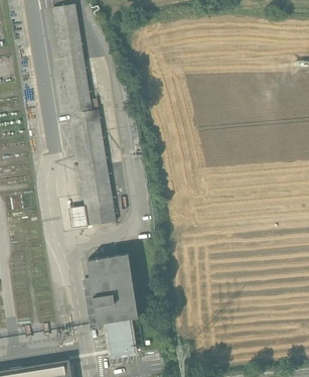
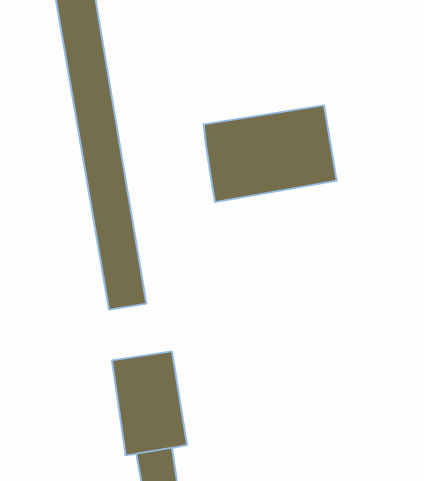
building: none -> [204,105,336,202]

